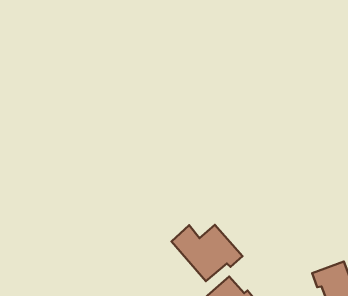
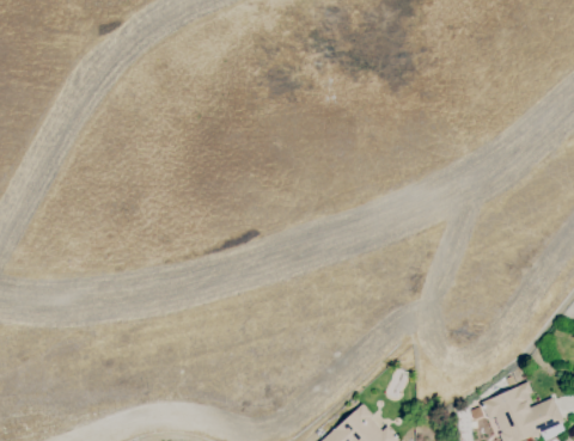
building: [171,225,242,281] -> none

